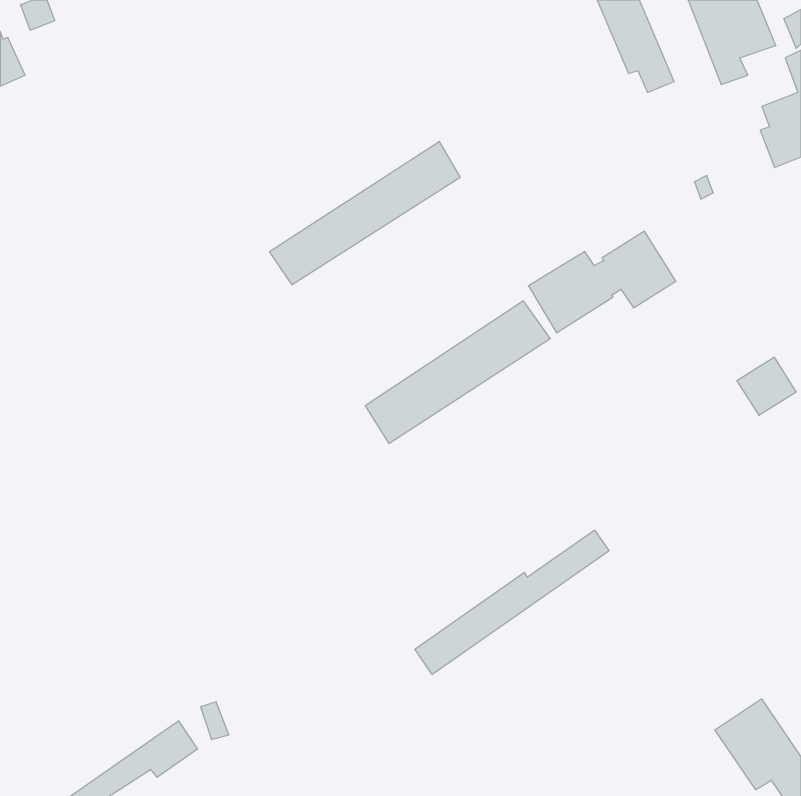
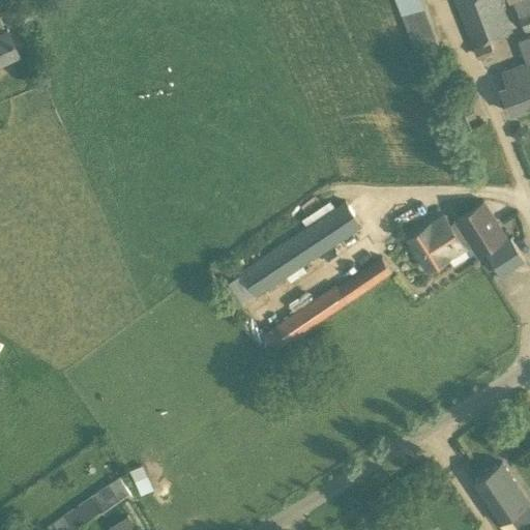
building: [270,141,460,285] -> none
building: [528,231,676,333] -> [409,204,506,271]
building: [415,530,609,674] -> [262,258,390,353]

